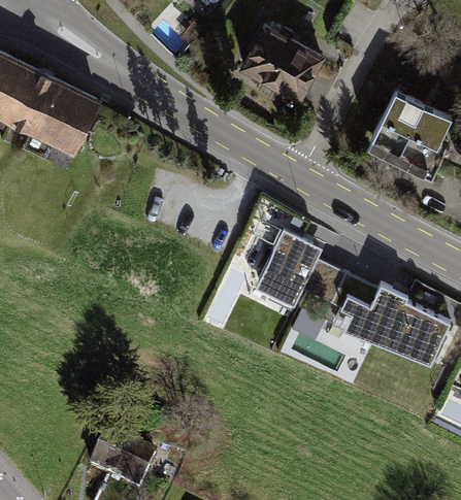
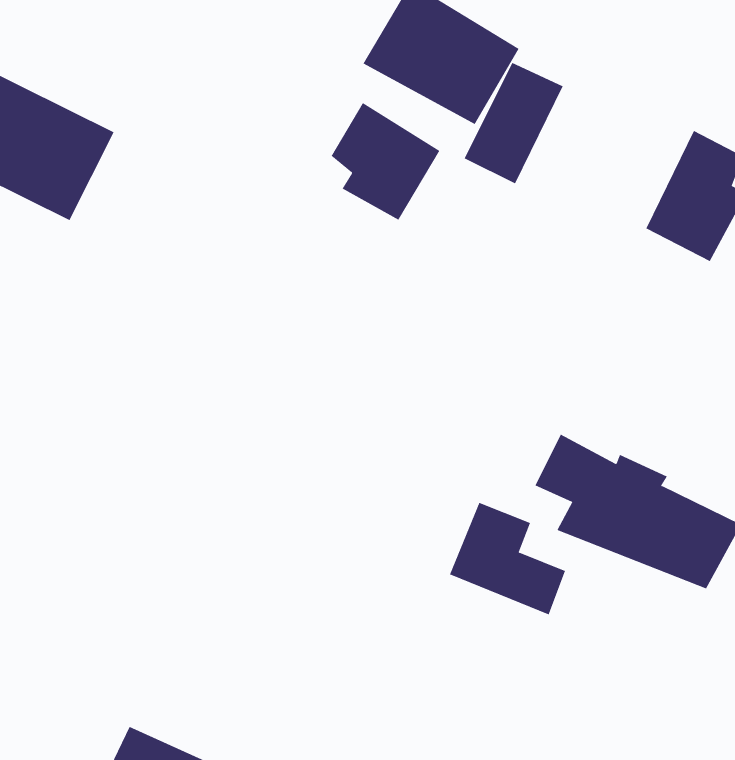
building: none -> [331,102,440,220]
building: [367,91,423,159] -> [464,62,564,184]
building: [259,232,349,304] -> none

